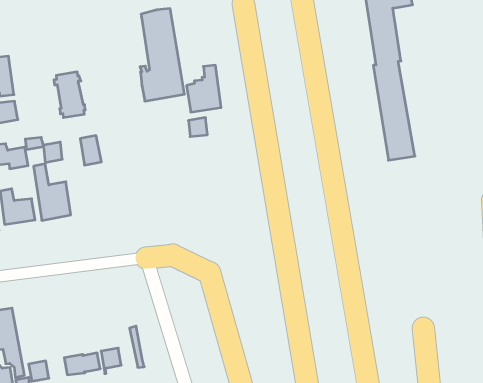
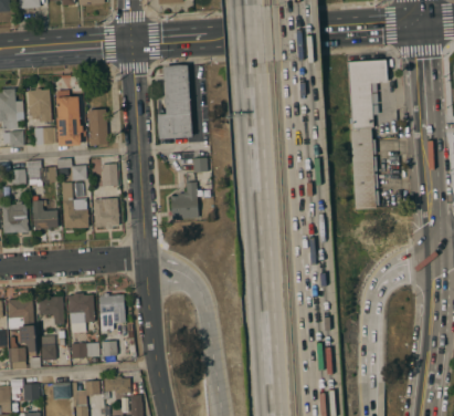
building: none -> [56,91,83,146]
building: [187,65,221,112] -> [171,183,198,219]
building: none -> [93,198,119,229]
building: none -> [99,293,126,331]
building: none -> [68,294,95,333]
building: none -> [38,297,64,325]

